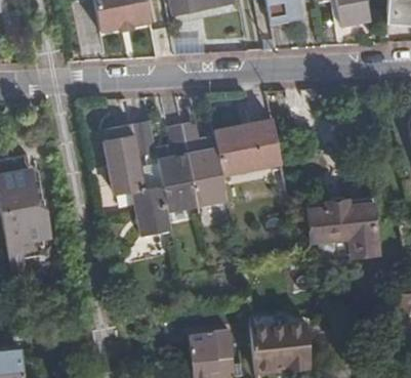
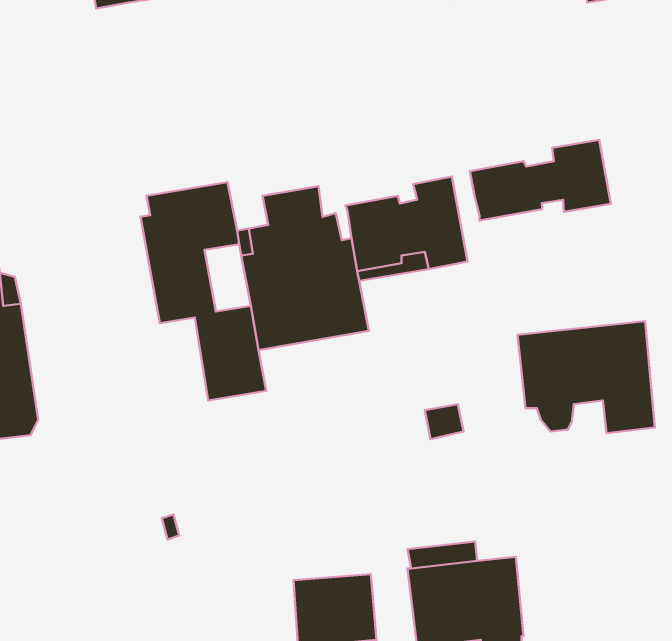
building: none -> [470,140,611,220]

